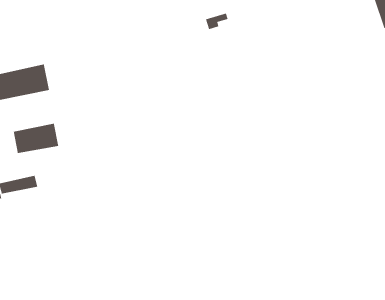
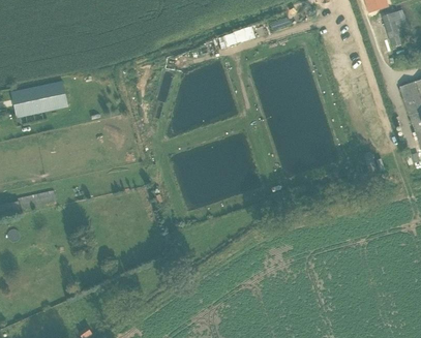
building: [13,123,59,154] -> none

